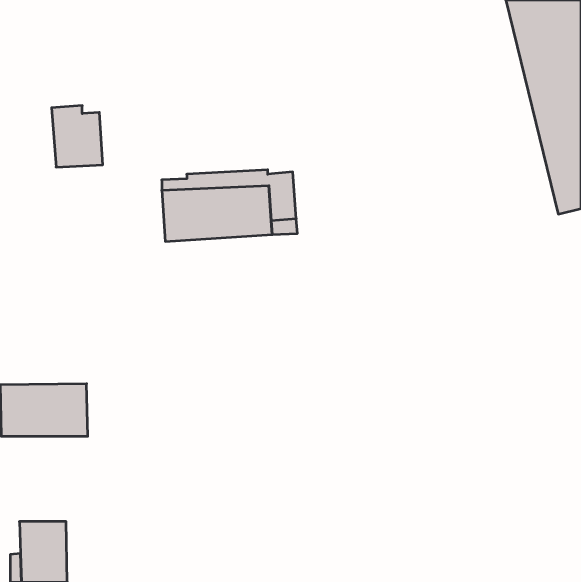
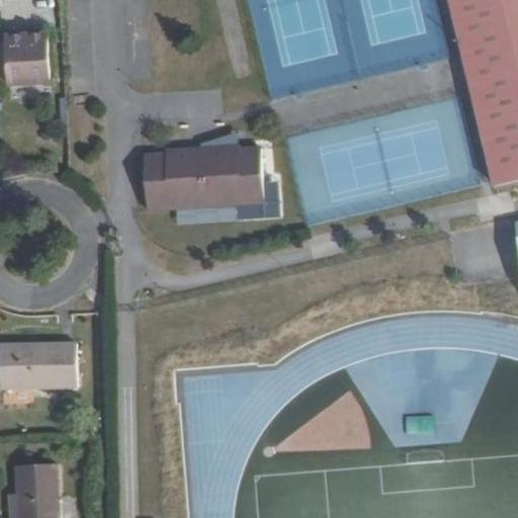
building: [52,106,103,167] -> [4,28,50,83]

